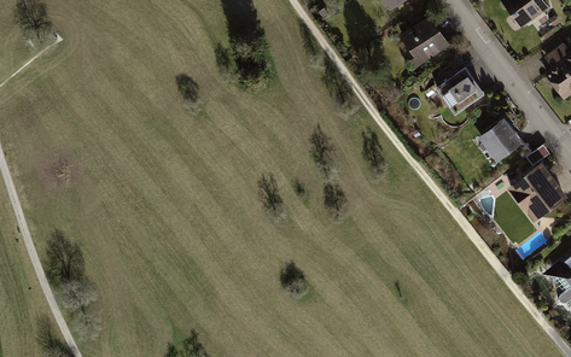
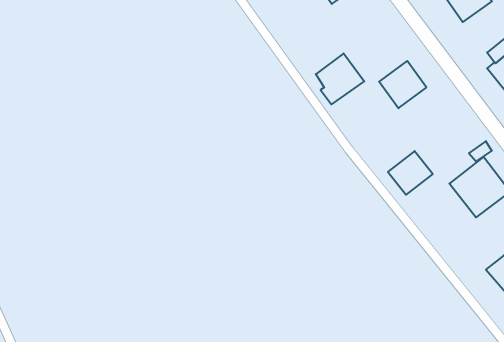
building: [401,16,449,66] -> [316,53,364,104]
building: [478,118,523,162] -> [388,151,433,195]

